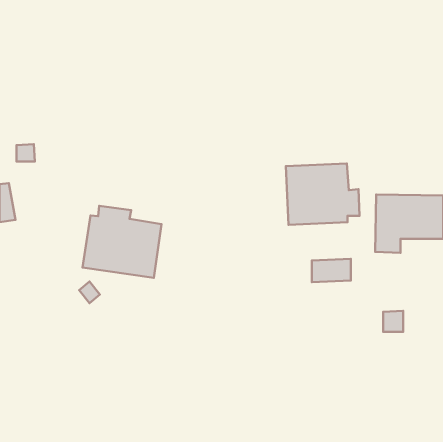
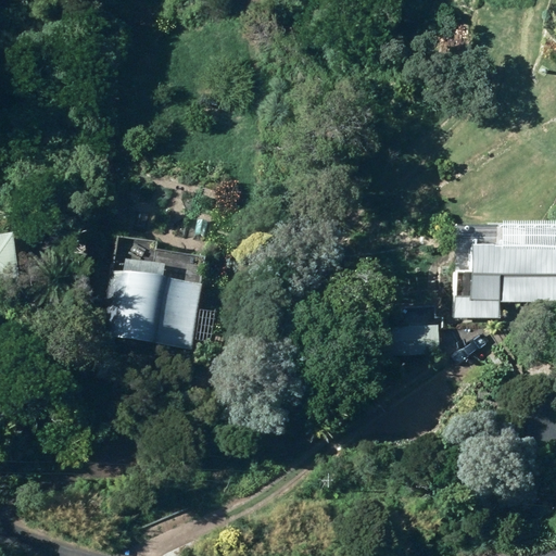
building: [286,164,359,225] -> none

